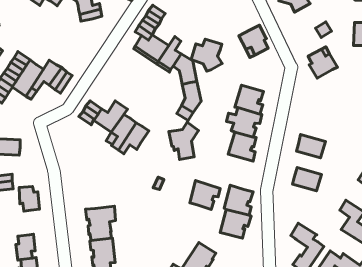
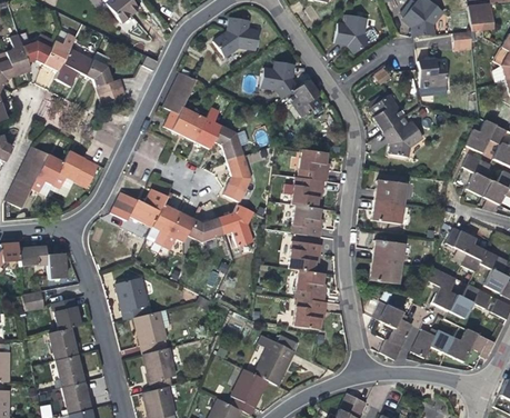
building: [191,39,222,71] -> [262,60,299,97]
building: none -> [383,120,423,157]
building: none -> [372,179,404,205]
building: none -> [188,216,224,240]
building: none -> [49,253,69,279]
building: none -> [116,278,148,320]
building: [190,181,220,209] -> [289,241,322,272]
building: none -> [367,259,399,285]
building: none -> [51,327,74,360]

